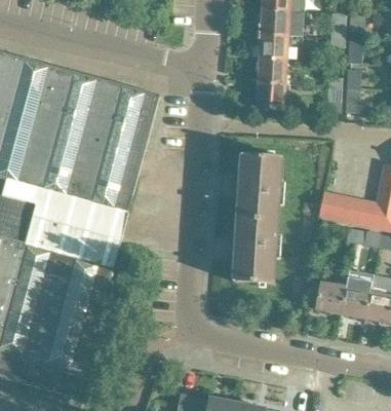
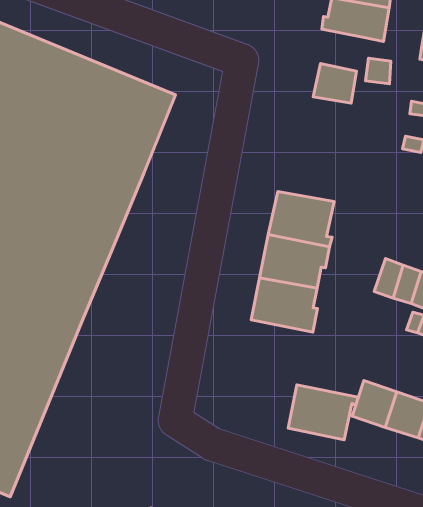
building: [257,34,287,61] -> none
building: [257,83,285,110] -> none
building: [232,249,279,284] -> [288,385,358,440]

